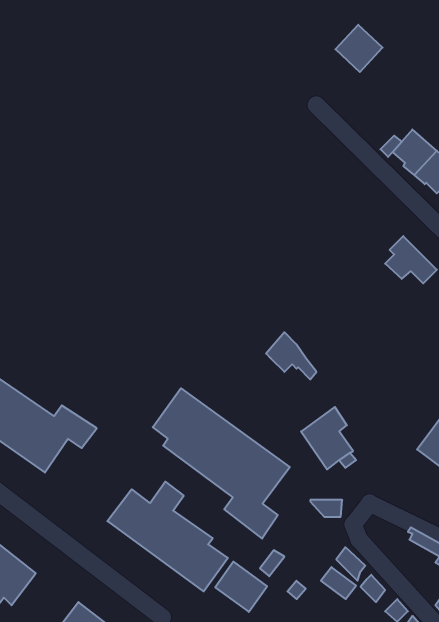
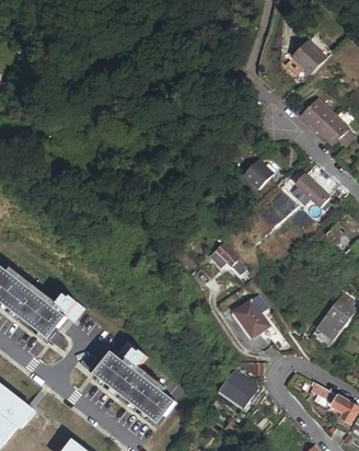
building: [335,25,383,72] -> [289,38,323,72]
building: none -> [243,158,274,189]
building: [153,388,290,539] -> none
building: [215,562,267,612] -> [218,370,255,406]

